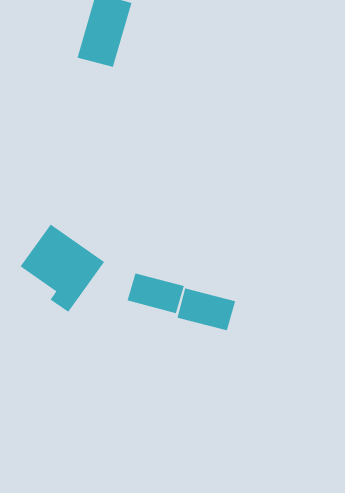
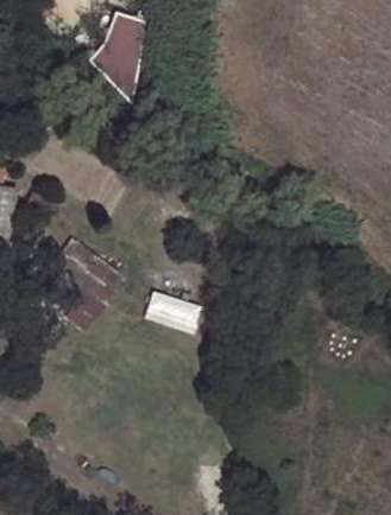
building: [177,287,236,331] -> none

